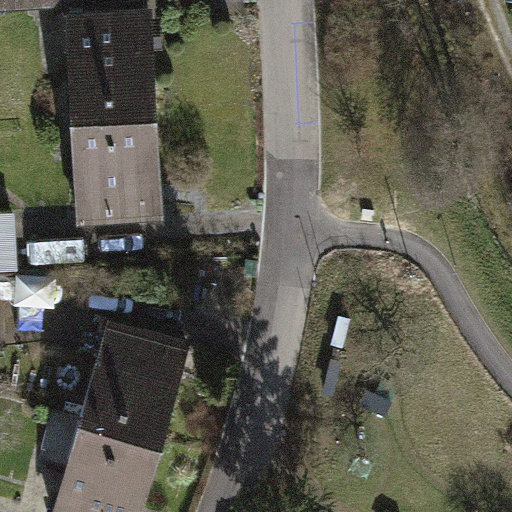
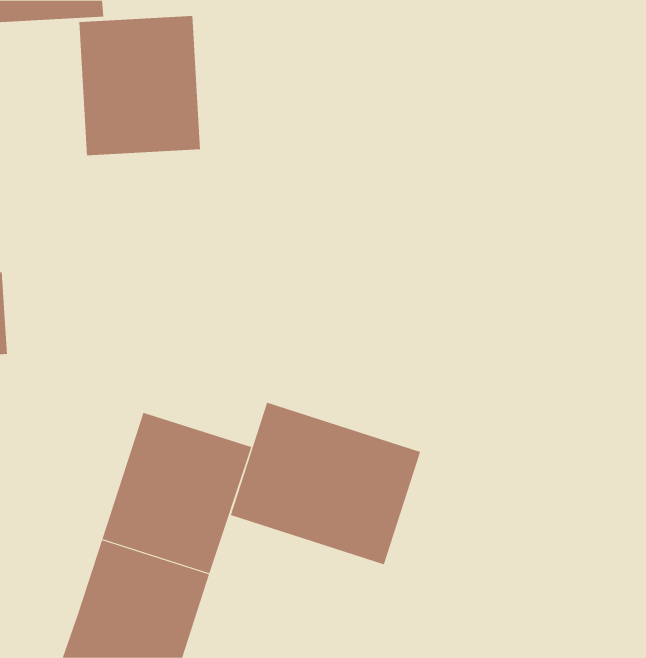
building: [67,116,161,225] -> none
building: none -> [230,402,421,565]

